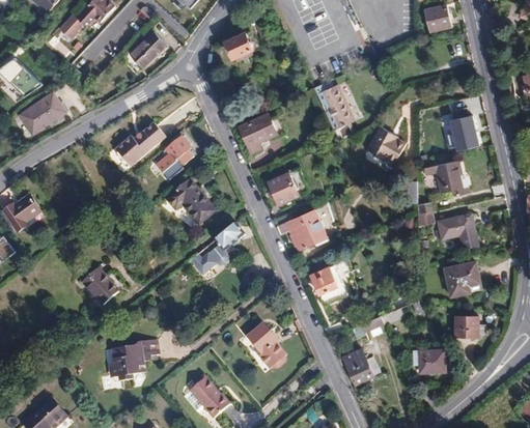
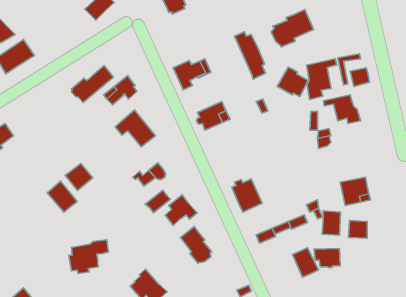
building: none -> [271,10,313,47]
building: none -> [307,59,337,100]
building: [276,209,327,250] -> none
building: [437,212,477,248] -> none
building: [214,222,245,250] -> [145,190,170,213]
building: none -> [65,163,93,190]
building: none -> [165,195,197,225]
building: none -> [322,211,341,235]
building: [341,348,373,384] -> [292,248,318,277]

